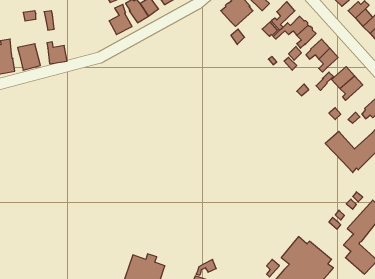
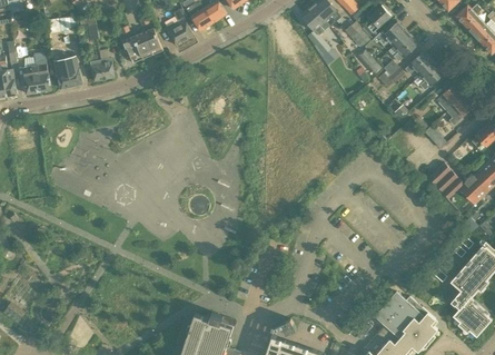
building: none -> [120,28,162,63]

